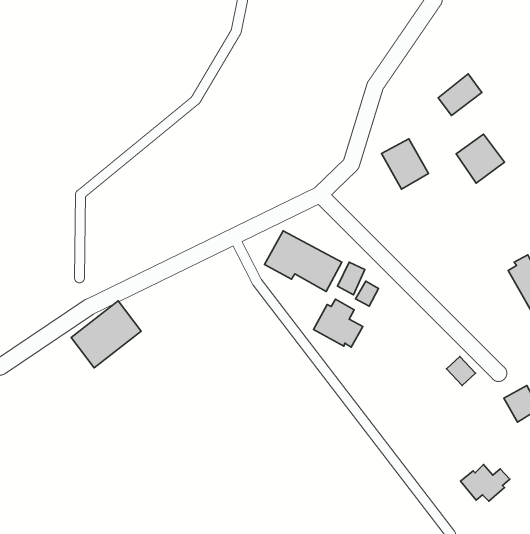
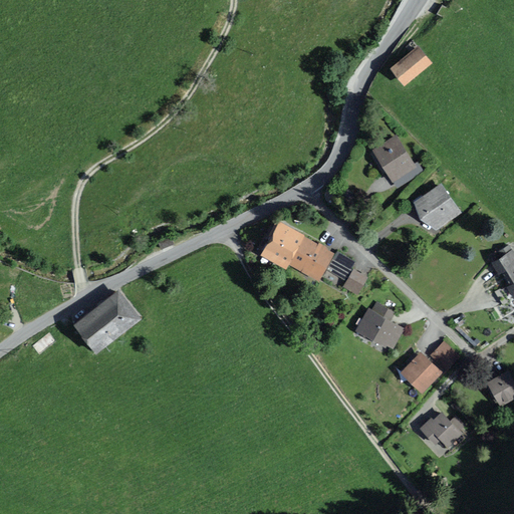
building: [438,74,482,116] -> [389,45,431,85]
building: [456,134,504,183] -> [415,184,461,231]
building: [314,299,363,347] -> [356,302,404,348]
building: none -> [400,351,442,394]
building: [461,465,510,501] -> [421,412,468,447]

